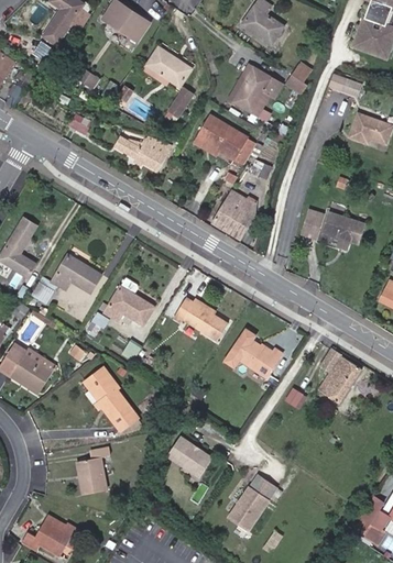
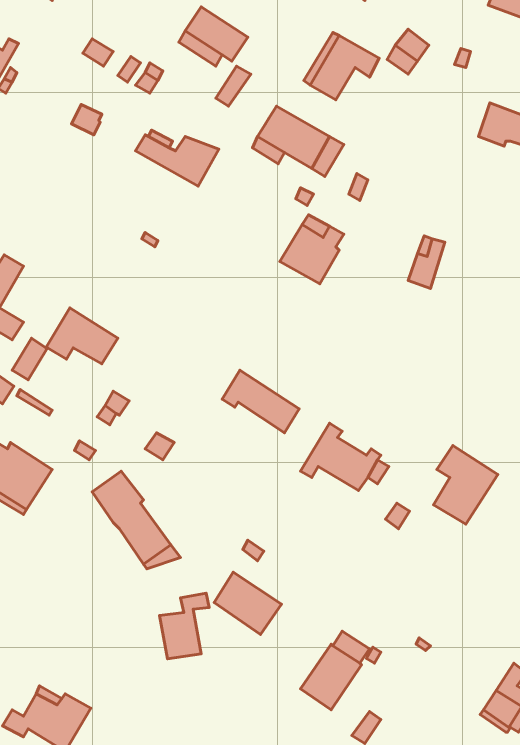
building: [323,212,365,249] -> none
building: [105,277,154,323] -> none
building: [77,446,111,492] -> [160,593,209,659]

